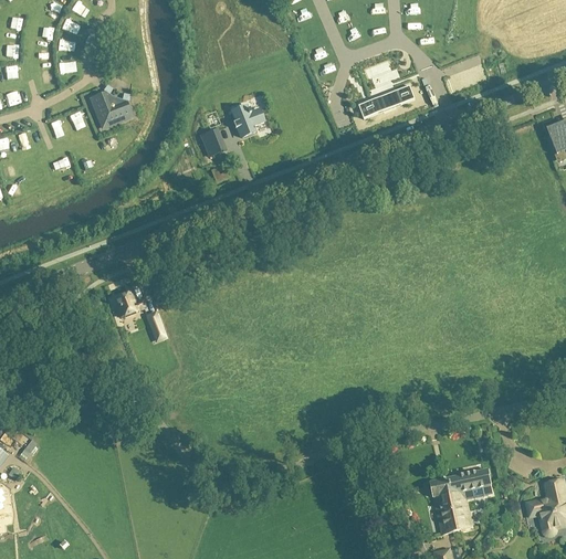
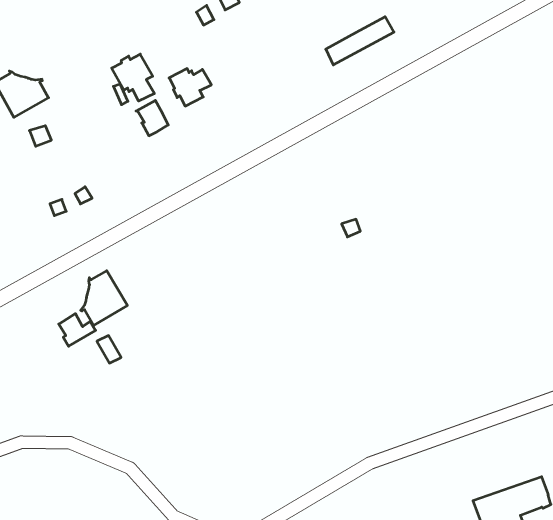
building: none -> [112,54,154,101]
building: none -> [81,271,127,325]

